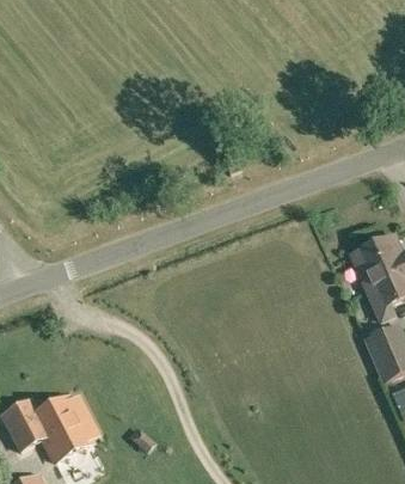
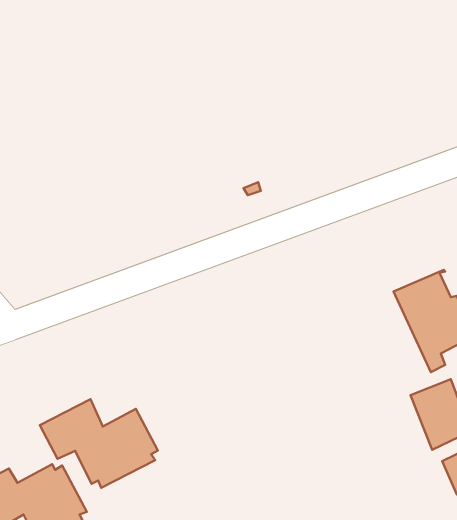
building: none -> [40,399,158,488]

